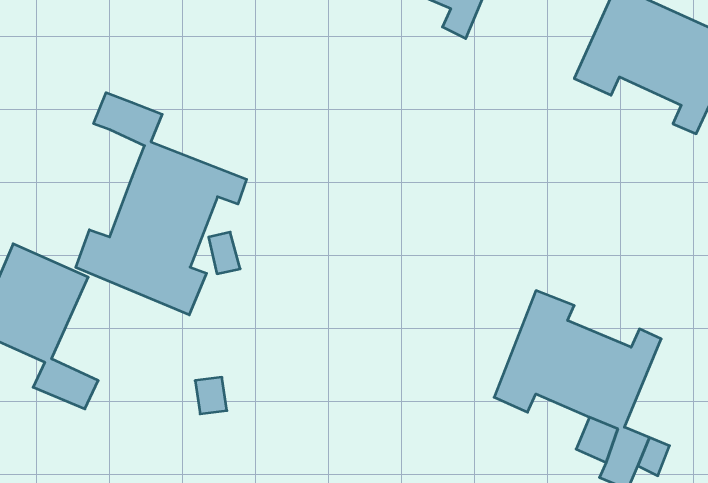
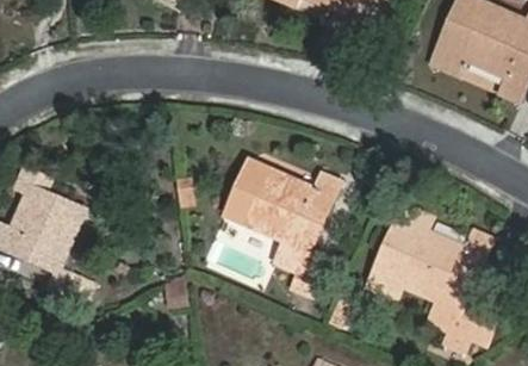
building: [76,93,247,315] -> none
building: none -> [230,165,338,294]

